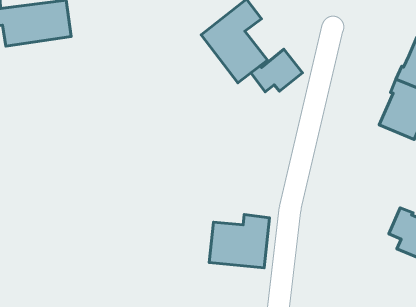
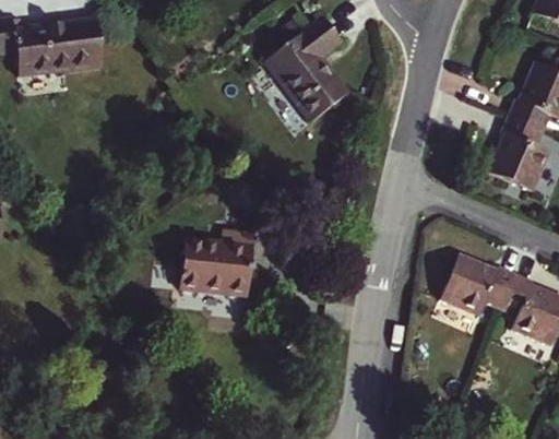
building: [251,49,302,92] -> none
building: none -> [440,254,515,315]
building: [209,214,269,268] -> [180,228,255,295]

